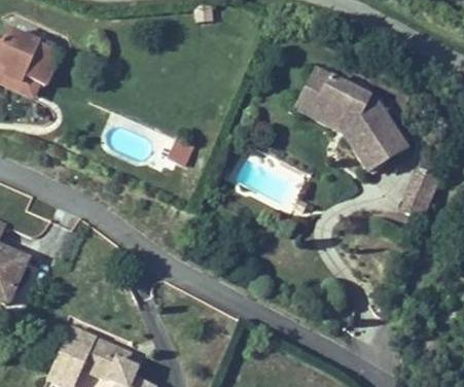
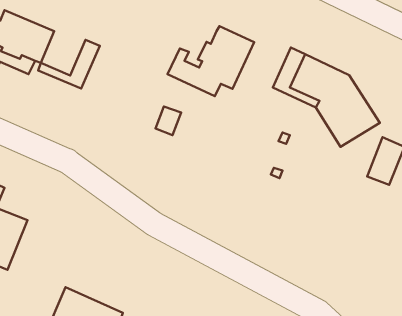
building: none -> [168,26,254,96]
building: none -> [38,40,100,89]

